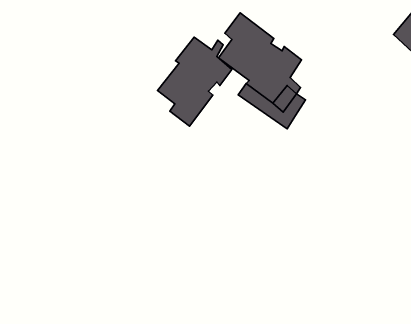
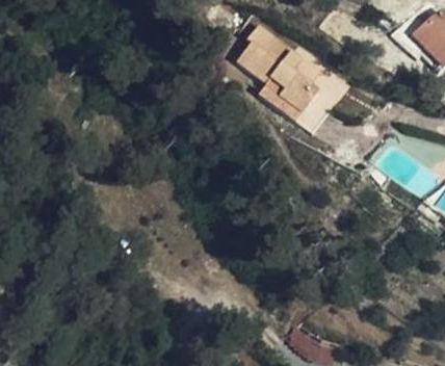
building: [158,37,232,126] -> none

